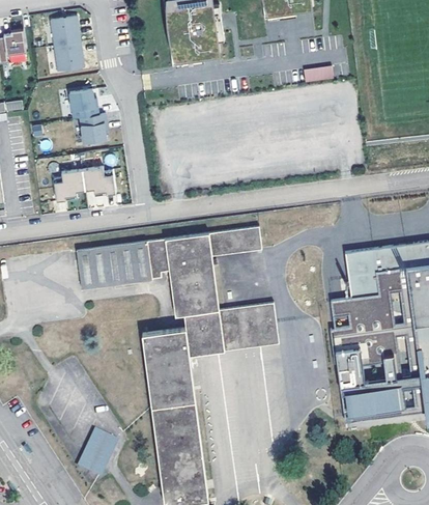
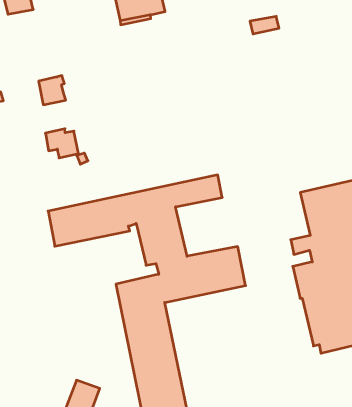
building: [51,39,81,68] -> none
building: [67,86,97,115] -> none
building: [52,170,83,202] -> none

